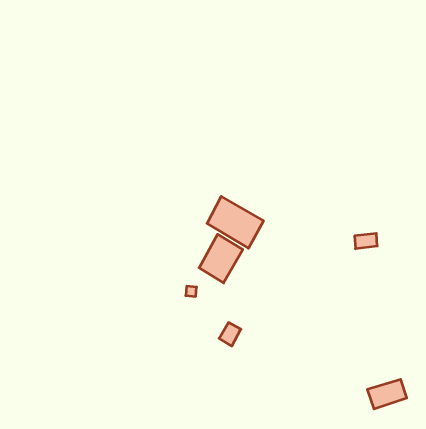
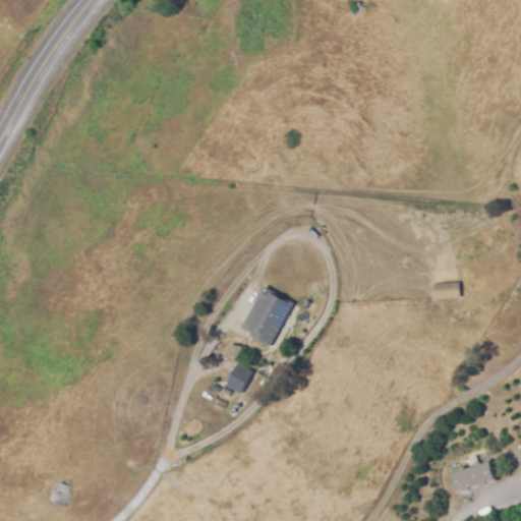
building: [207,196,263,248] -> none
building: [219,323,241,346] -> [225,363,251,392]

